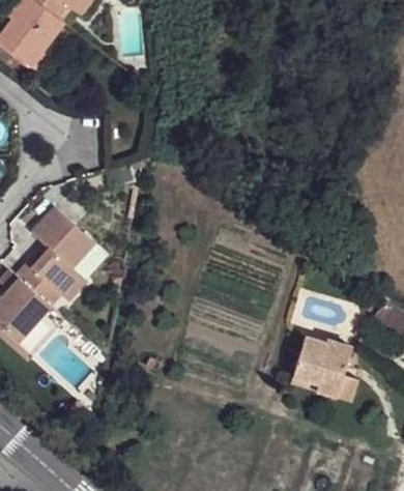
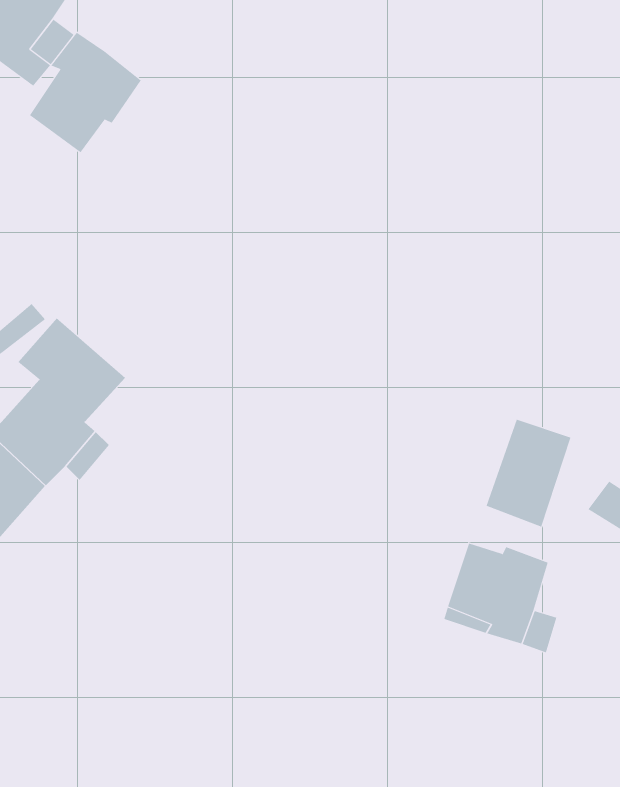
building: none -> [29,32,142,153]
building: none -> [486,419,571,528]

